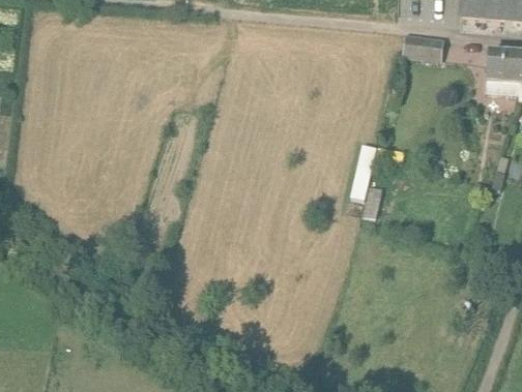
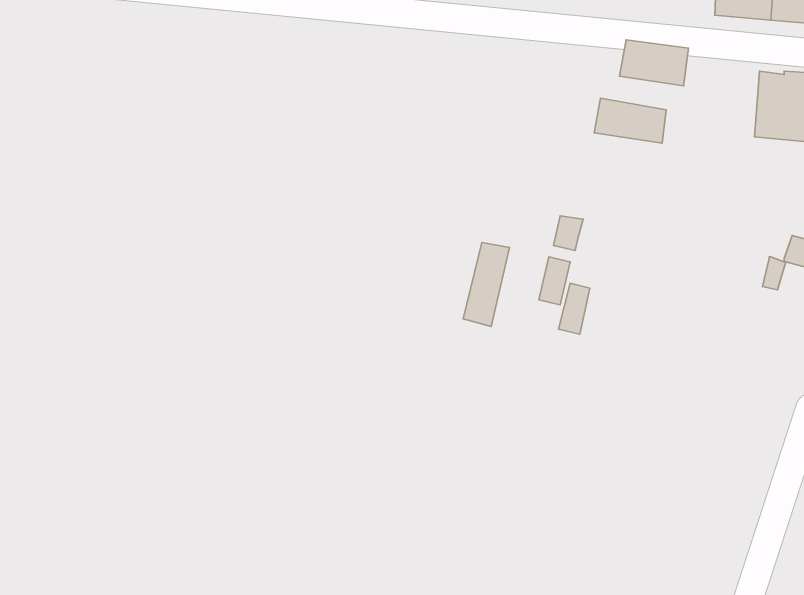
building: none -> [594,98,666,143]
building: none -> [463,243,509,327]

